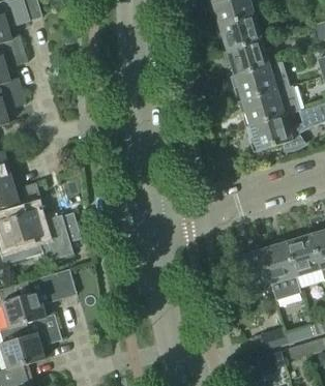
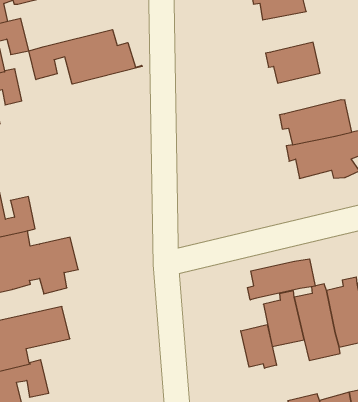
building: [214,16,261,51] -> none
building: none -> [29,30,142,84]
building: [230,61,287,100] -> none
building: none -> [247,259,315,300]
building: none -> [241,325,277,368]

